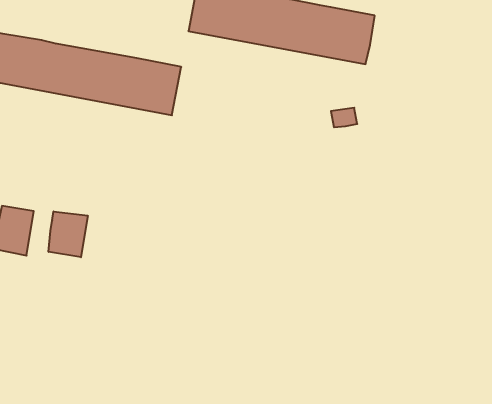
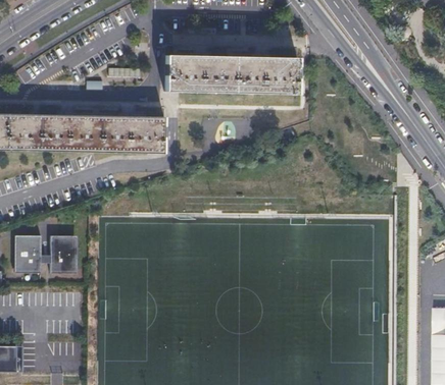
building: [49,211,88,257] -> none

